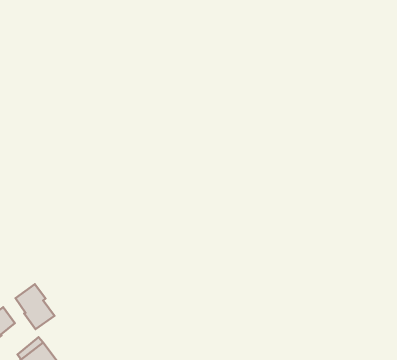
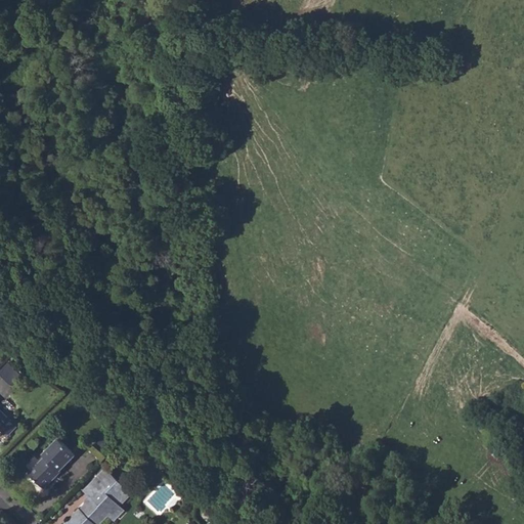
building: [16,284,55,329] -> none

